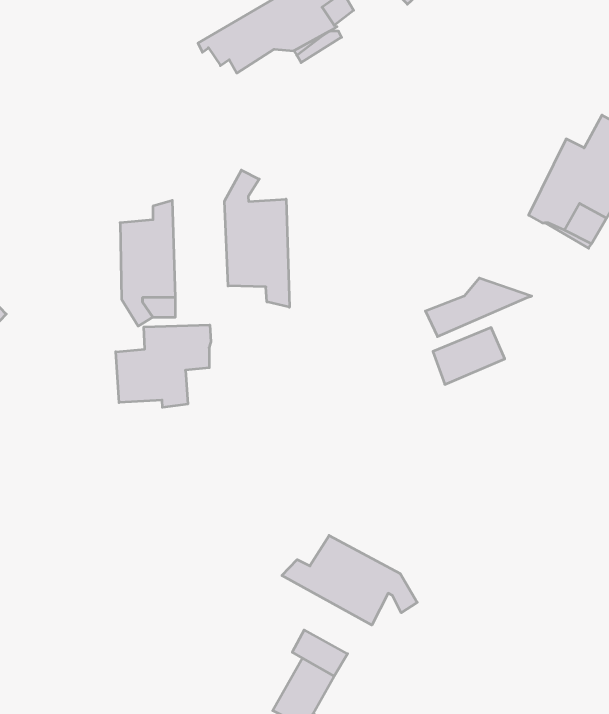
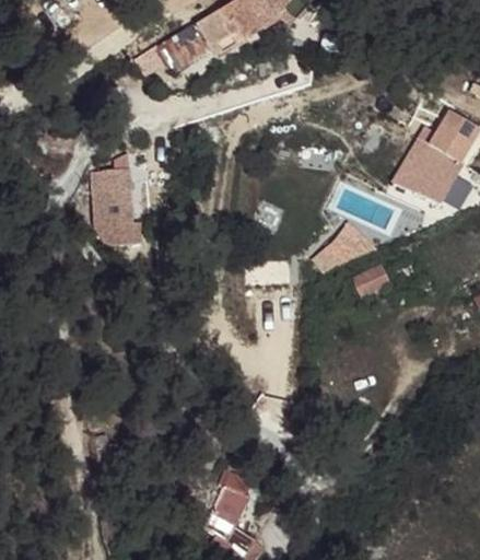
building: [225,170,289,307] -> none
building: [116,325,211,407] -> none
building: [282,535,417,625] -> none

